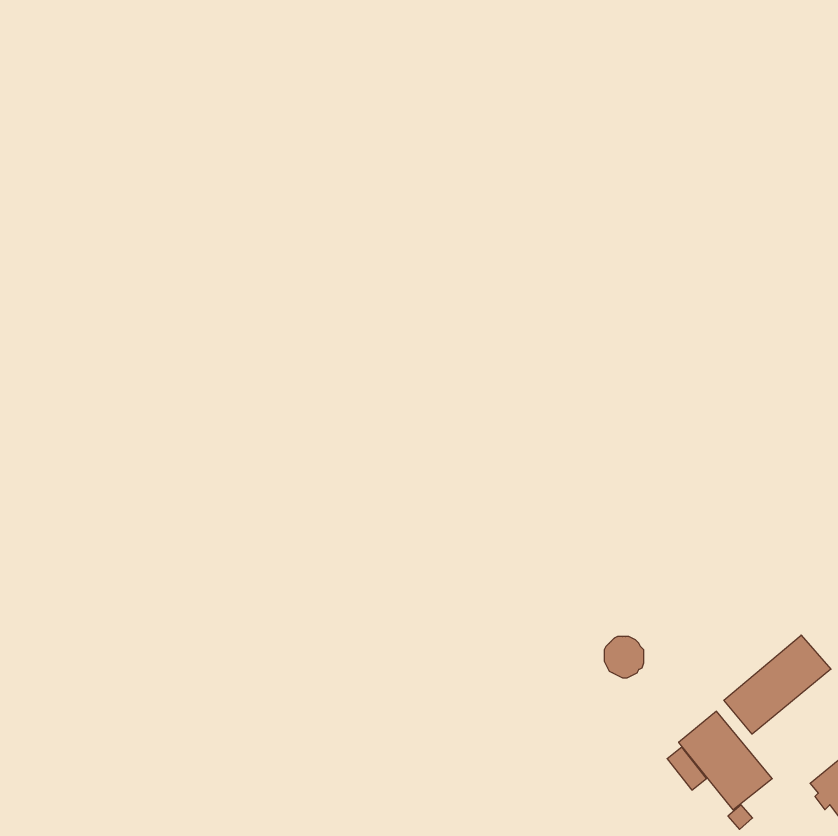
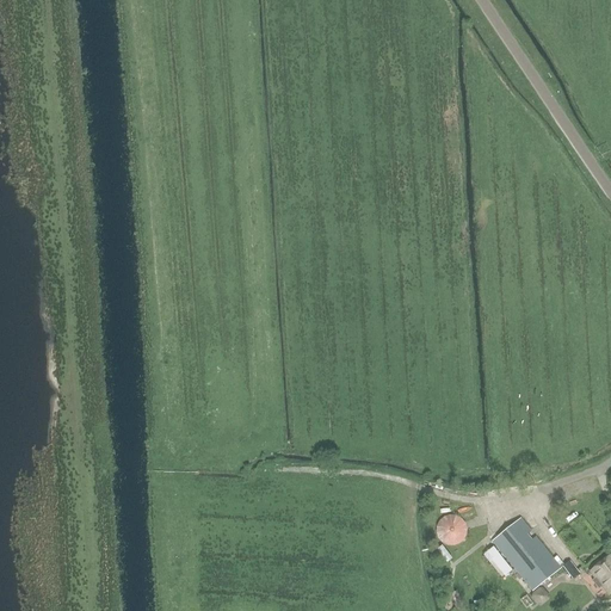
building: [724,635,831,734] -> none
building: [604,637,644,678] -> [436,513,464,543]

